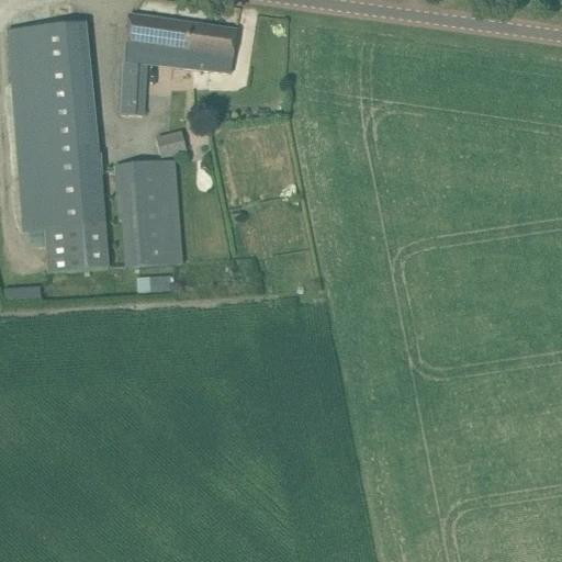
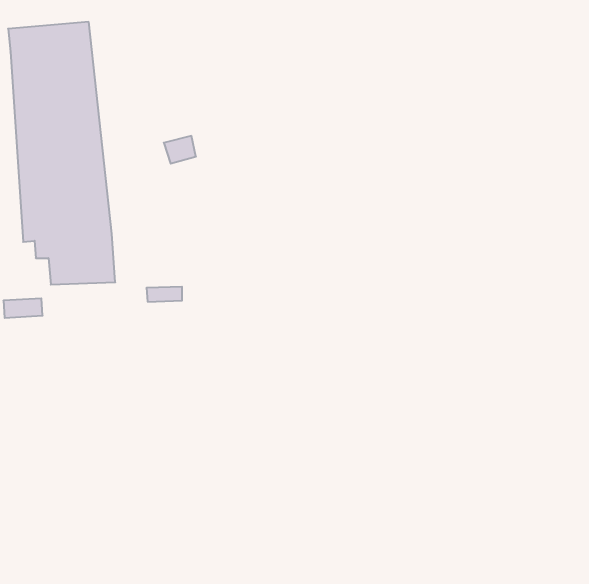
building: [121,14,237,114] -> none
building: [115,159,182,267] -> none

